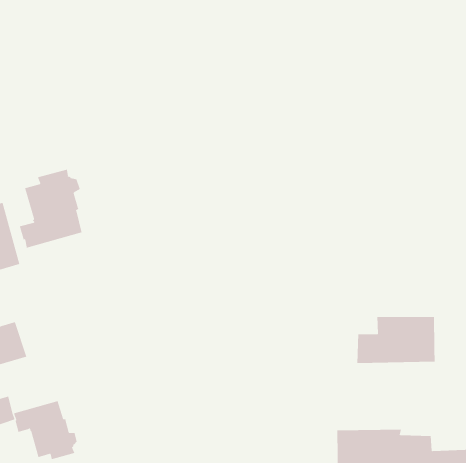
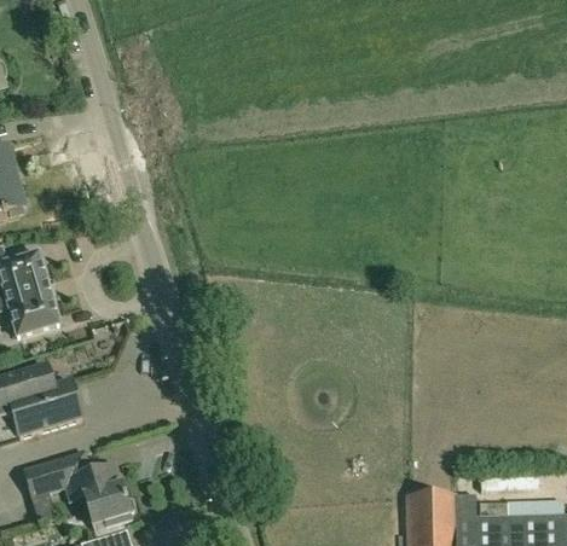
building: [19,169,82,248] -> none
building: [357,316,435,364] -> none

